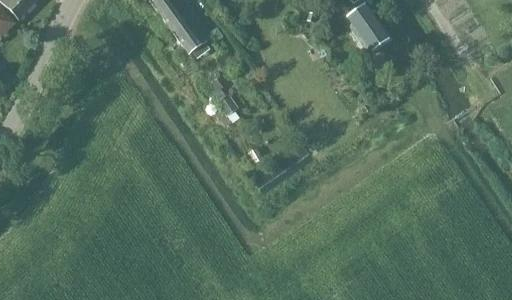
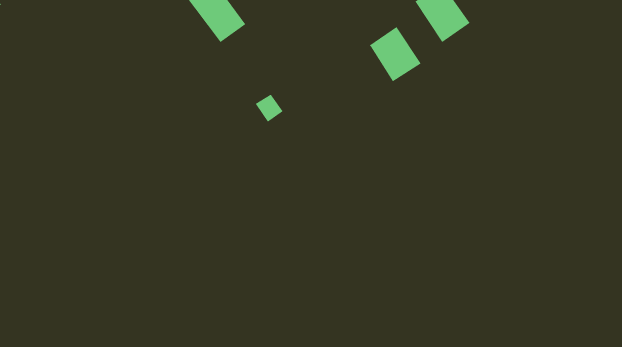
building: none -> [369,26,422,82]

